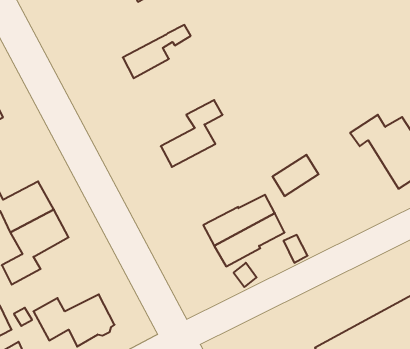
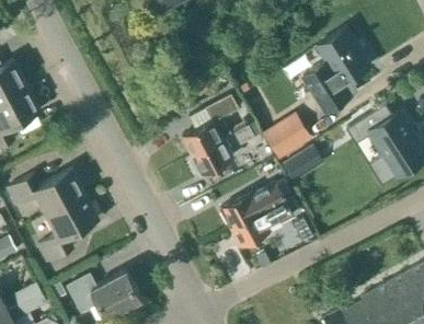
building: [123,25,191,78] -> [191,127,252,175]
building: none -> [301,28,369,113]
building: none -> [261,113,310,160]

